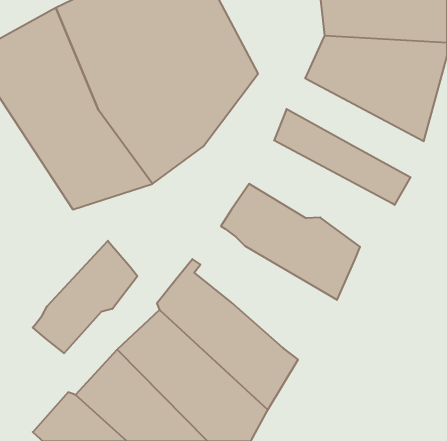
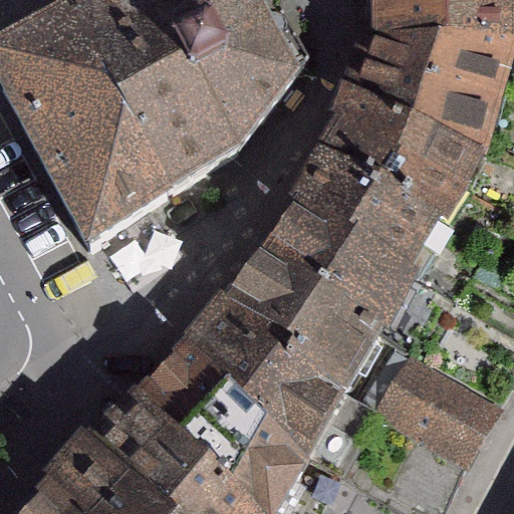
building: none -> [324,88,480,201]
building: none -> [282,159,444,279]
building: none -> [220,259,381,410]
building: [33,241,137,353] -> none
building: none -> [376,353,502,466]

